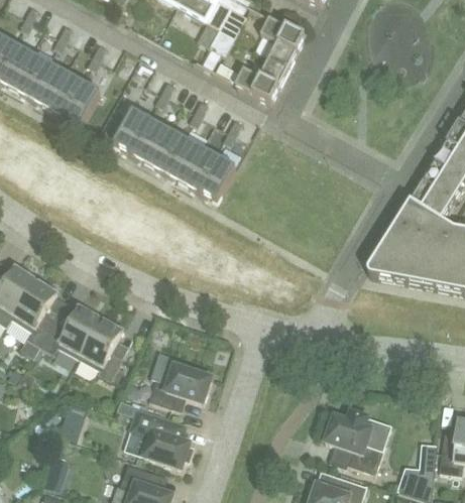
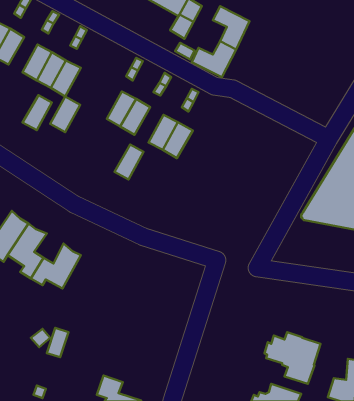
building: [13,53,48,96] -> [23,95,52,130]
building: [114,109,150,152] -> [50,96,80,132]
building: [165,138,201,180] -> [114,144,144,180]
building: [79,317,124,379] -> none
building: [149,350,213,406] -> none
building: [130,408,194,468] -> none

